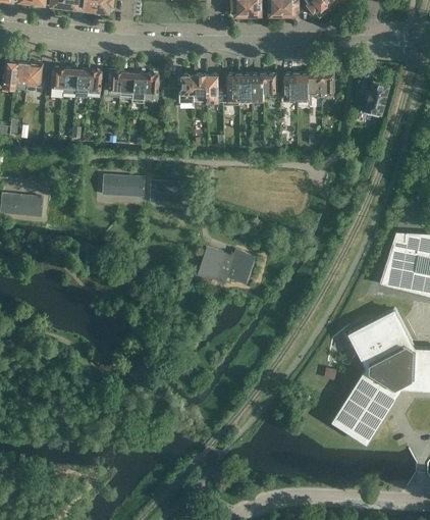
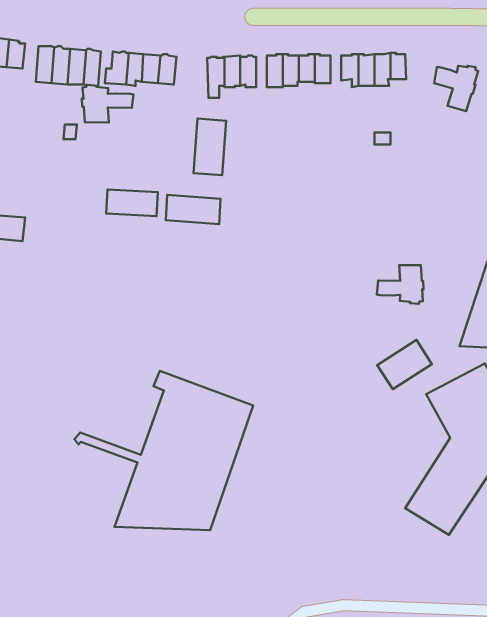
building: none -> [82,85,133,123]
building: none -> [193,119,226,175]
building: none -> [377,265,424,304]
building: [196,247,258,283] -> none
building: none -> [377,340,432,389]
building: none -> [75,371,253,530]

